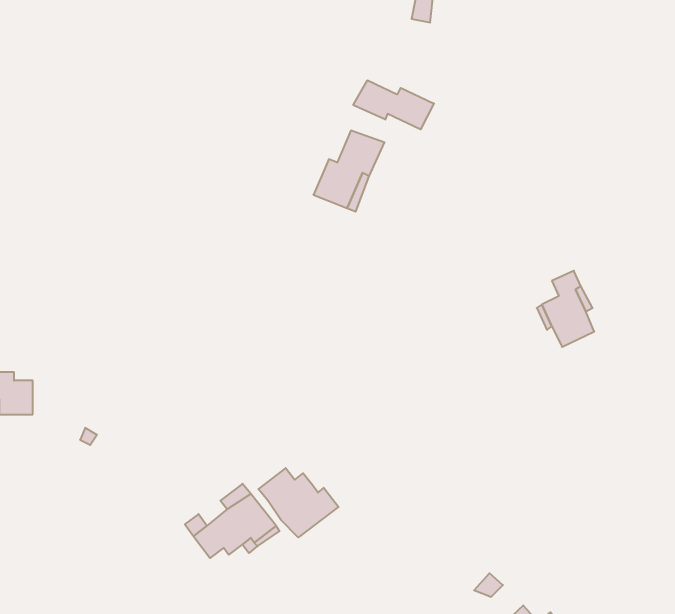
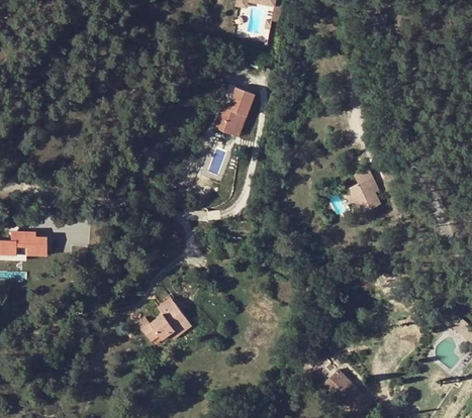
building: [353,80,434,129] -> none
building: [258,468,339,537] -> none

